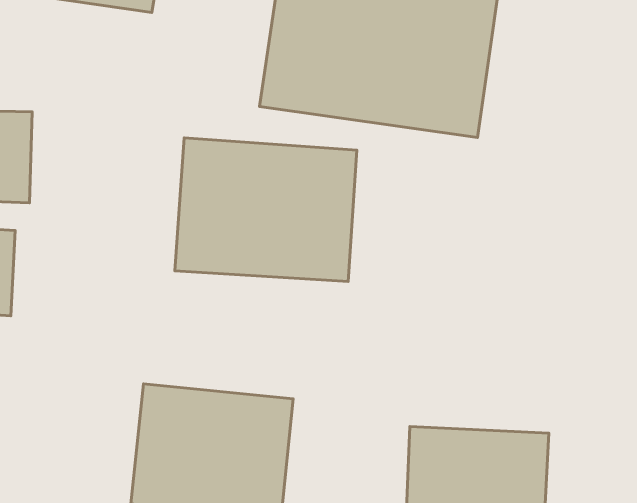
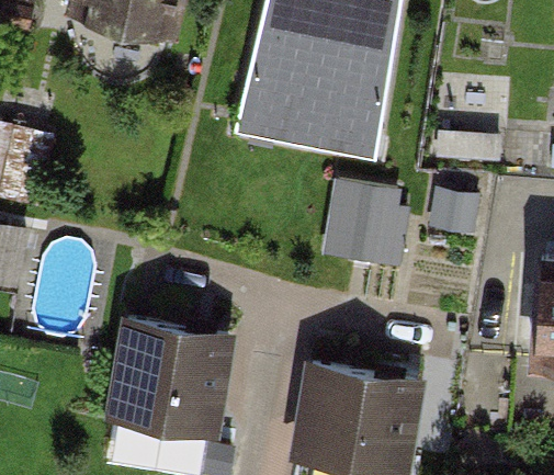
building: [175,138,357,282] -> none
building: none -> [325,171,412,261]

